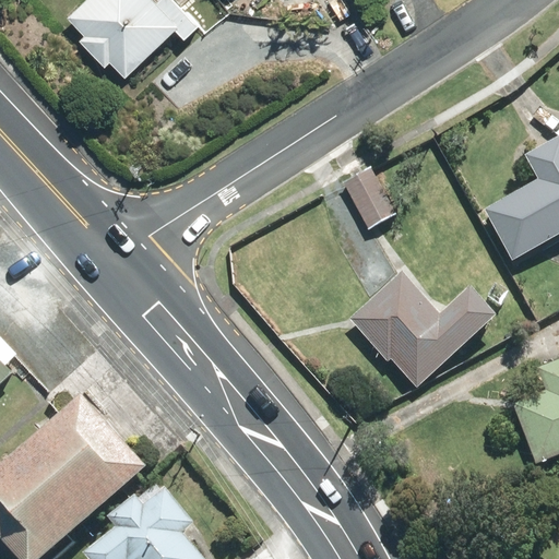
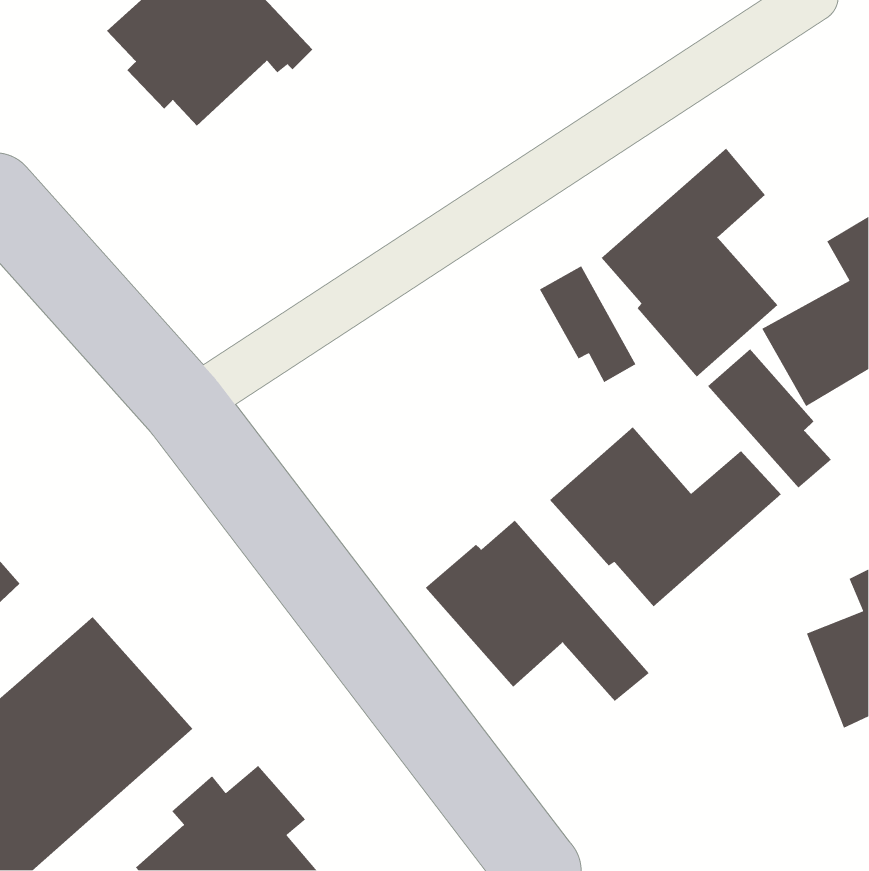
building: none -> [601,147,778,377]
building: none -> [707,348,832,489]
building: none -> [425,519,650,702]

